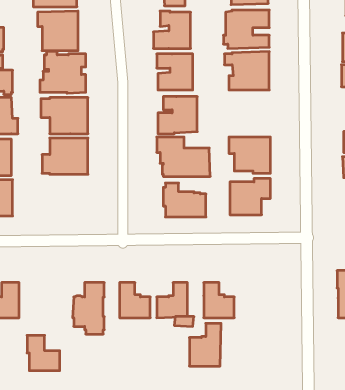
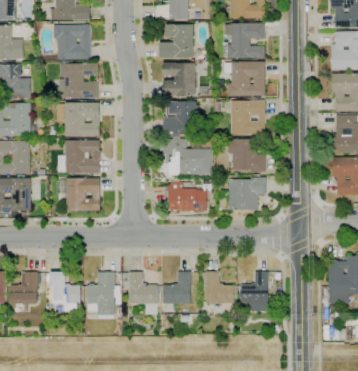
building: none -> [232,100,267,134]
building: none -> [57,178,99,211]
building: [189,323,221,366] -> [240,272,269,311]
building: [27,335,60,371] -> [50,272,80,304]

